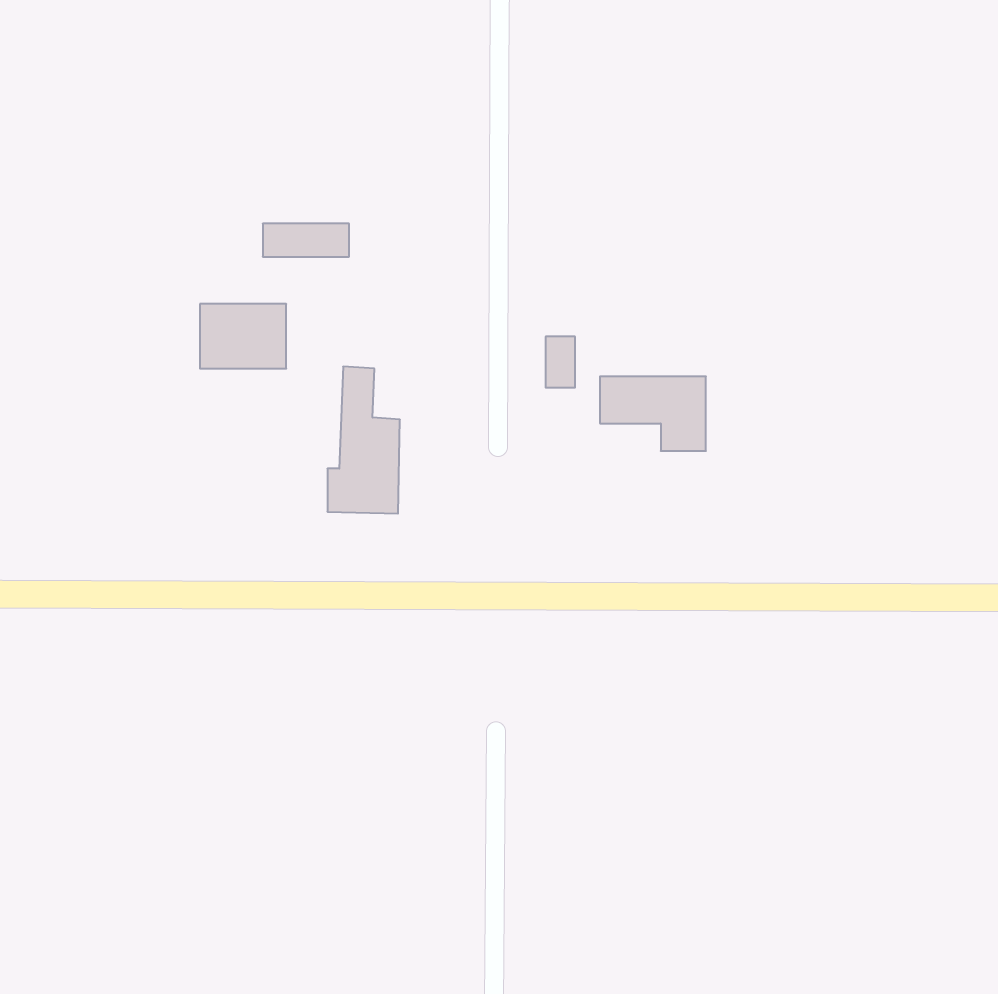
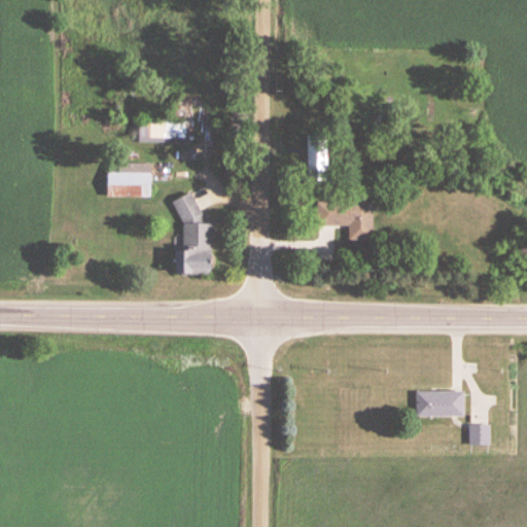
building: [546,337,575,388] -> [309,142,324,169]
building: none -> [416,391,464,417]
building: none -> [469,424,490,446]

